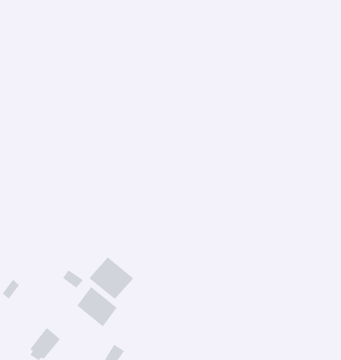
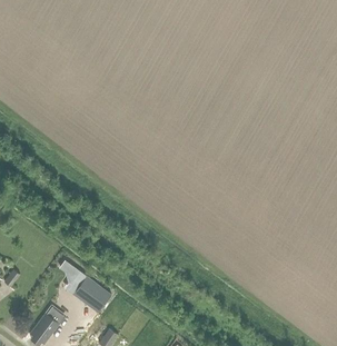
building: [89,256,134,300] -> none

